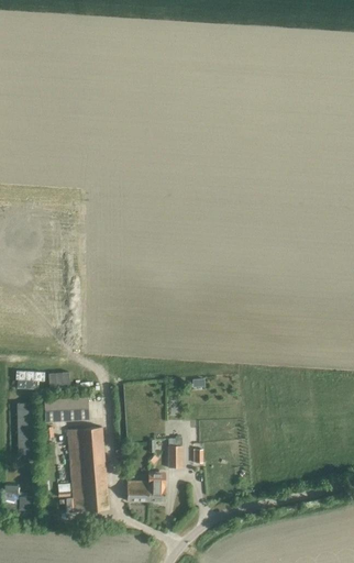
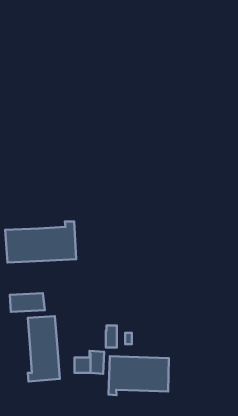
building: none -> [5,221,76,263]
building: none -> [108,356,169,395]

